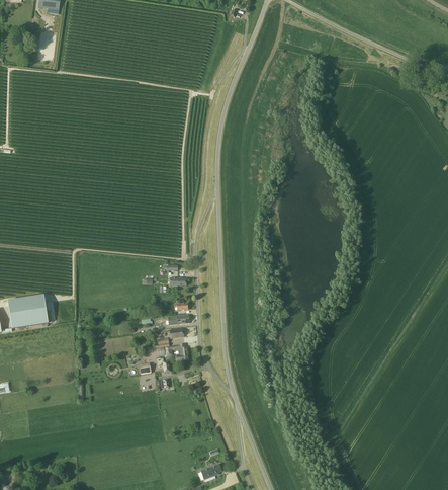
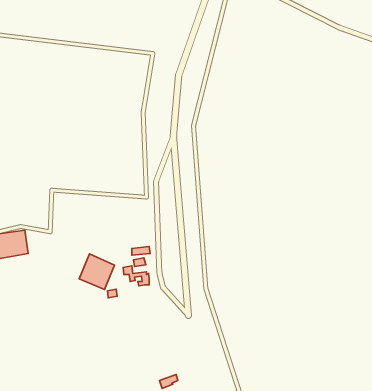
building: none -> [79,254,115,289]

